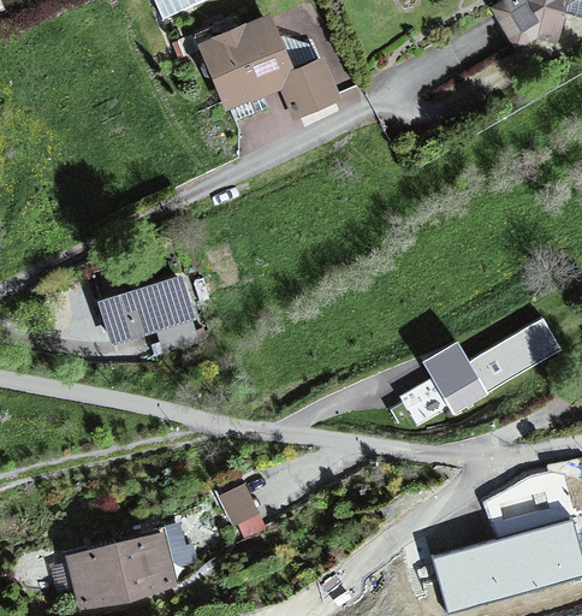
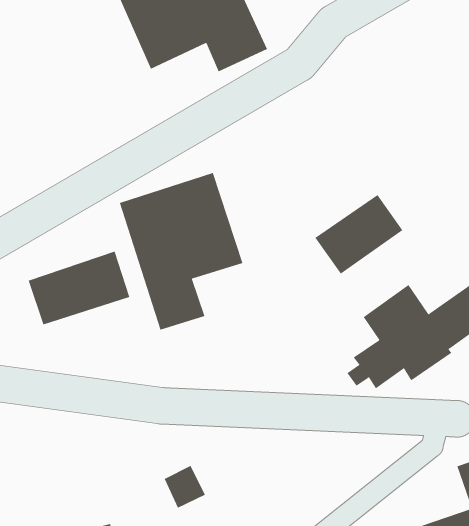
building: none -> [119,172,243,330]
building: none -> [315,194,403,275]

